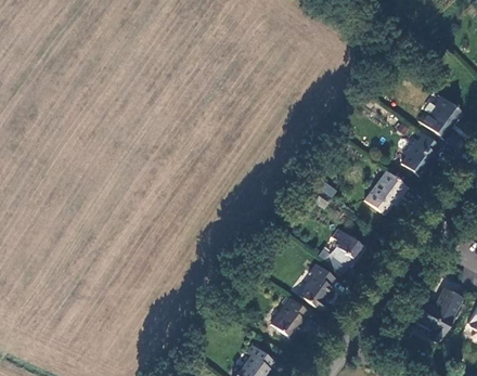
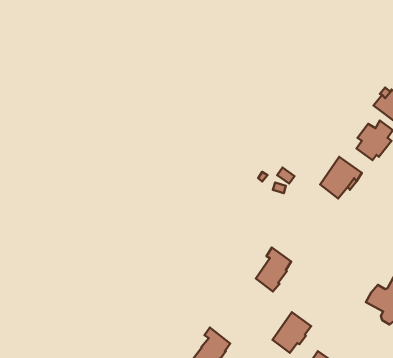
building: [318,229,361,274] -> none
building: [269,299,308,340] -> [273,312,311,353]

